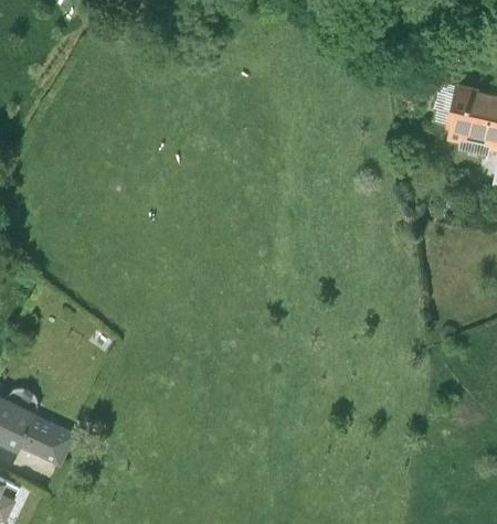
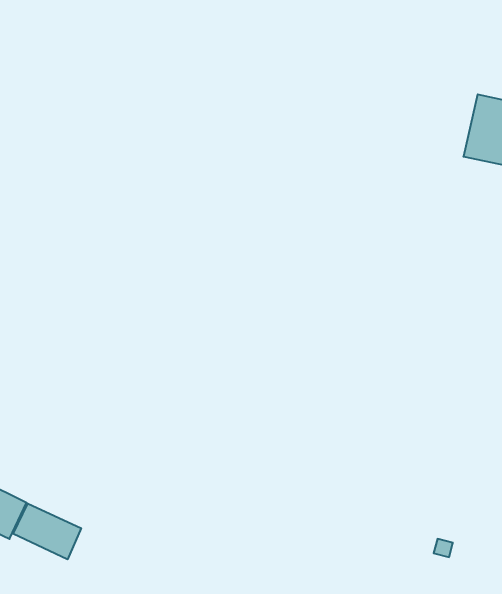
building: none -> [13,503,81,559]

